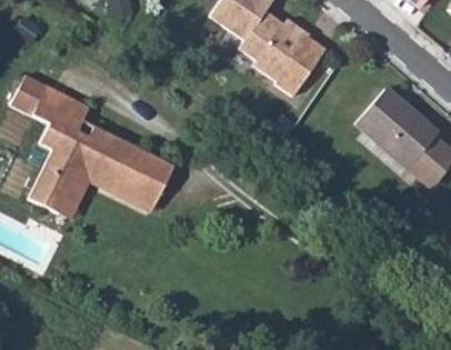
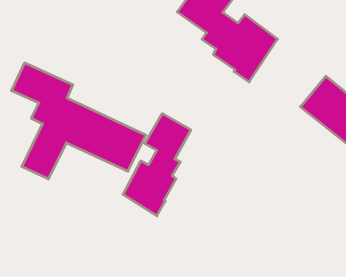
building: none -> [123,114,191,216]

